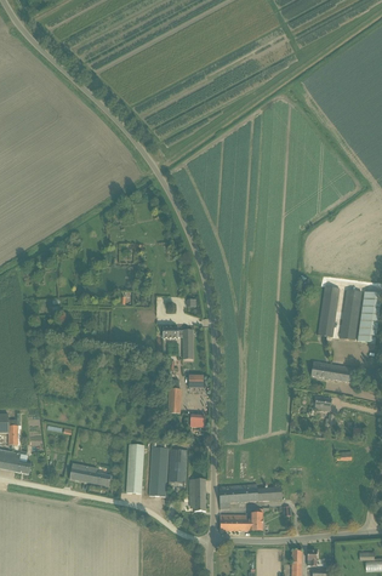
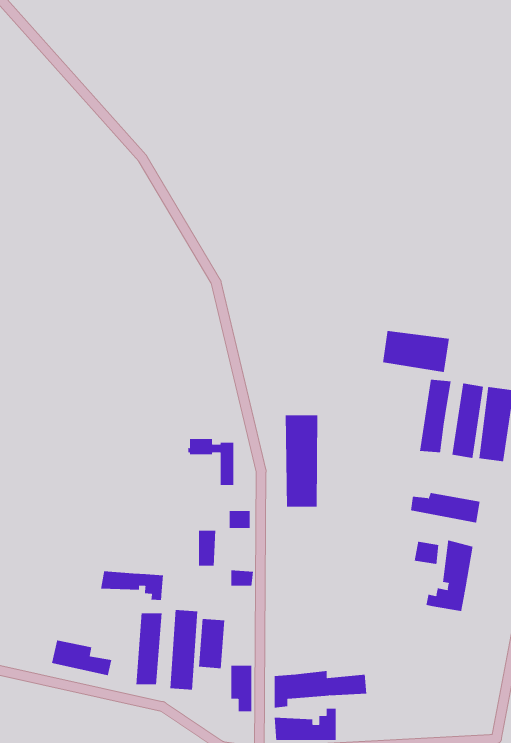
building: none -> [382,330,450,373]
building: none -> [285,415,318,507]
building: none -> [426,540,473,612]
building: none -> [101,570,163,601]

